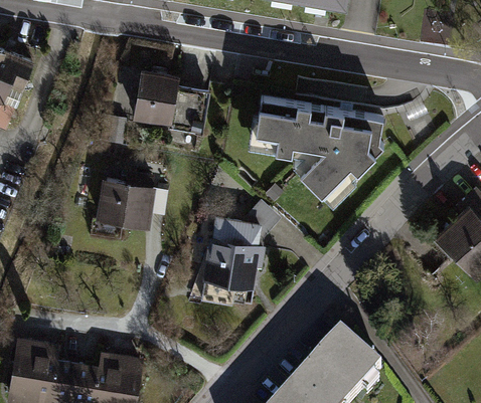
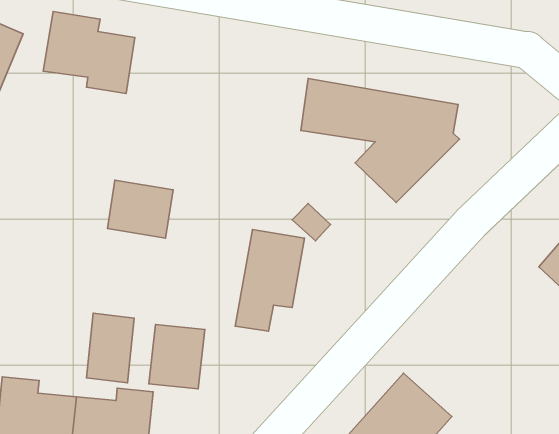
building: [133,68,207,135] -> [43,12,135,93]
building: none -> [87,313,134,383]
building: none -> [149,325,205,389]

